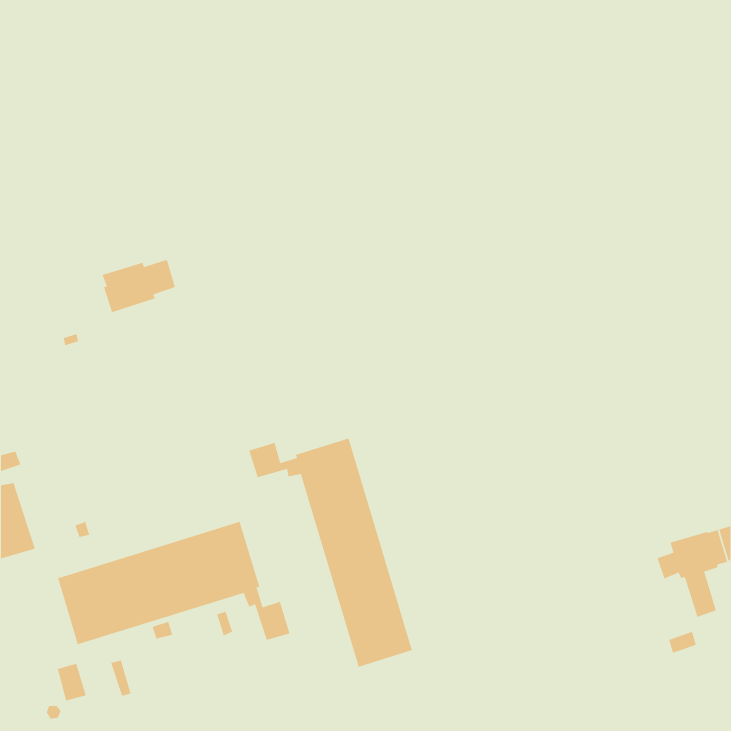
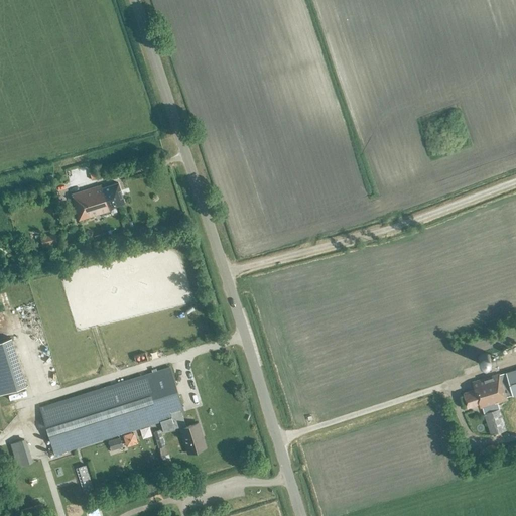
building: [248,438,413,668] -> none
building: [57,663,87,701] -> [10,439,31,467]

